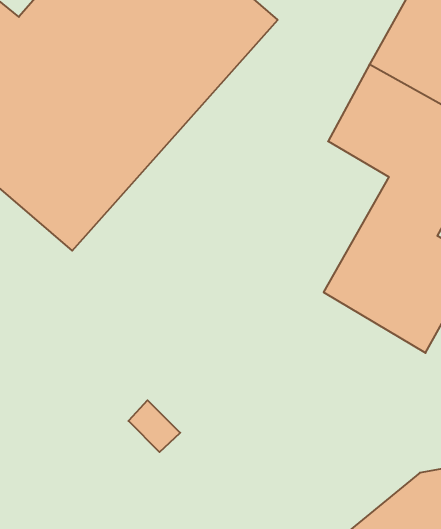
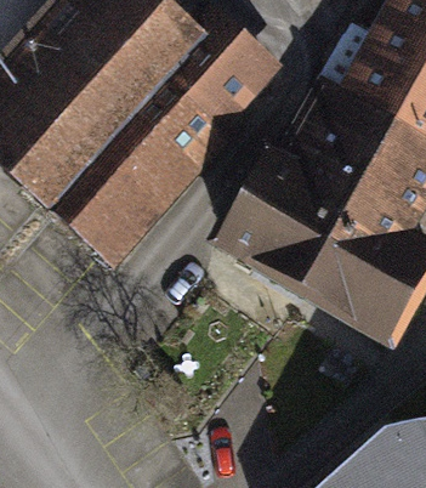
building: none -> [225,161,360,285]

